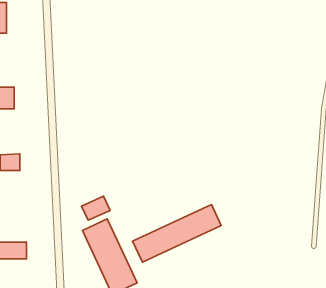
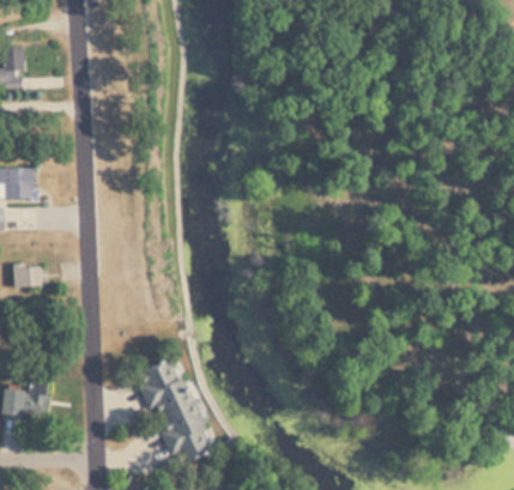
building: [82,196,110,220] -> none
building: [133,204,221,262] -> none

